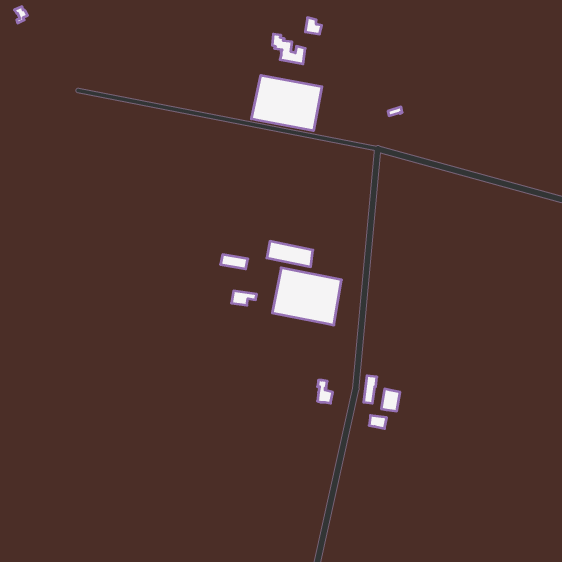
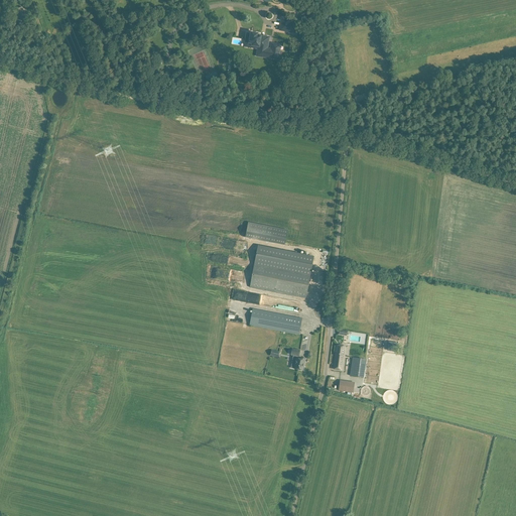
building: [251,75,322,131] -> none
building: none -> [249,307,301,334]

